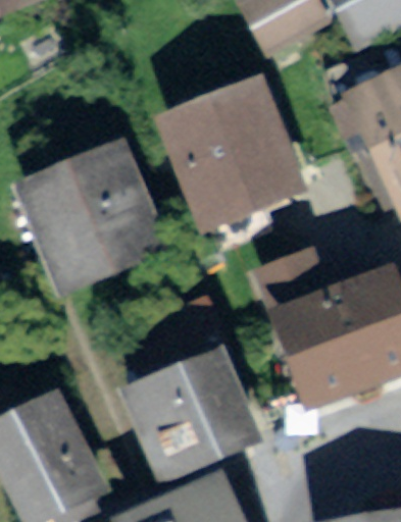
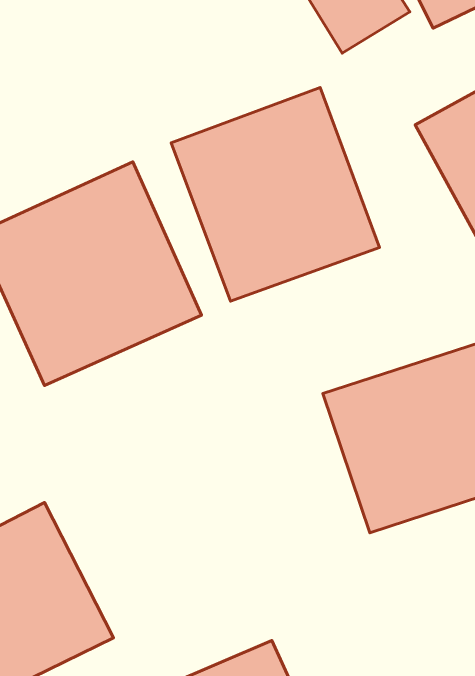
building: [114,342,261,481] -> none

